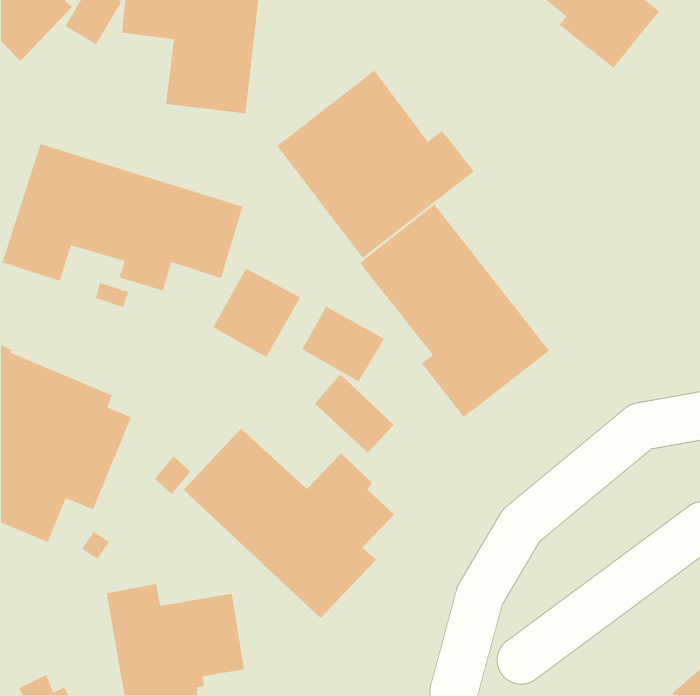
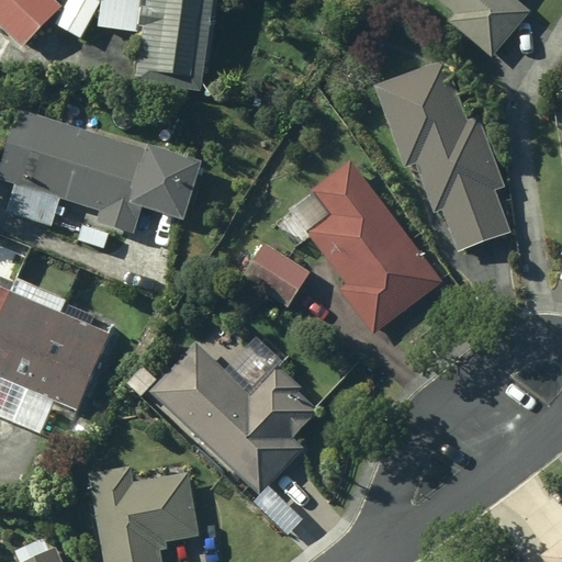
building: [276,70,475,259] -> none
building: none -> [372,60,508,249]
building: [212,267,301,358] -> none
building: [314,373,395,454] -> none

